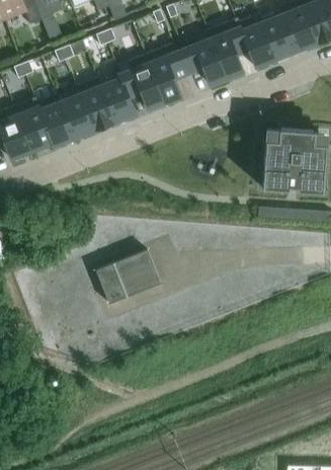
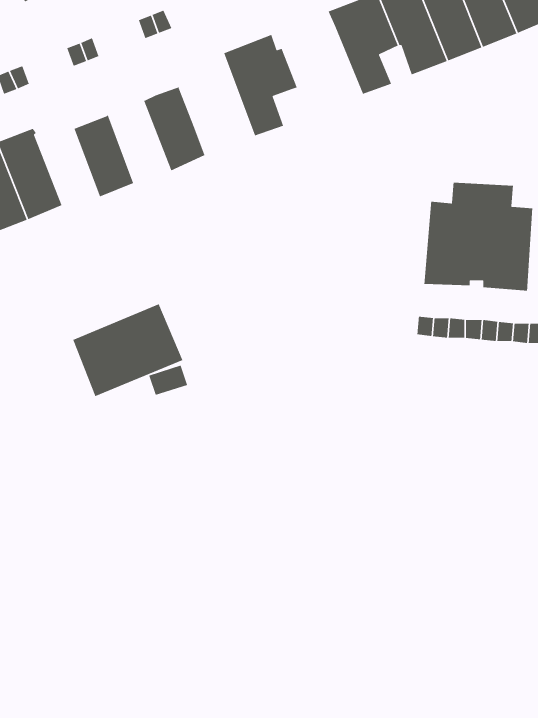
building: [180,40,227,86] -> none
building: [120,55,164,110] -> none
building: [76,78,115,131] -> none
building: [36,93,74,147] -> none
building: [96,250,161,305] -> [72,303,184,397]

